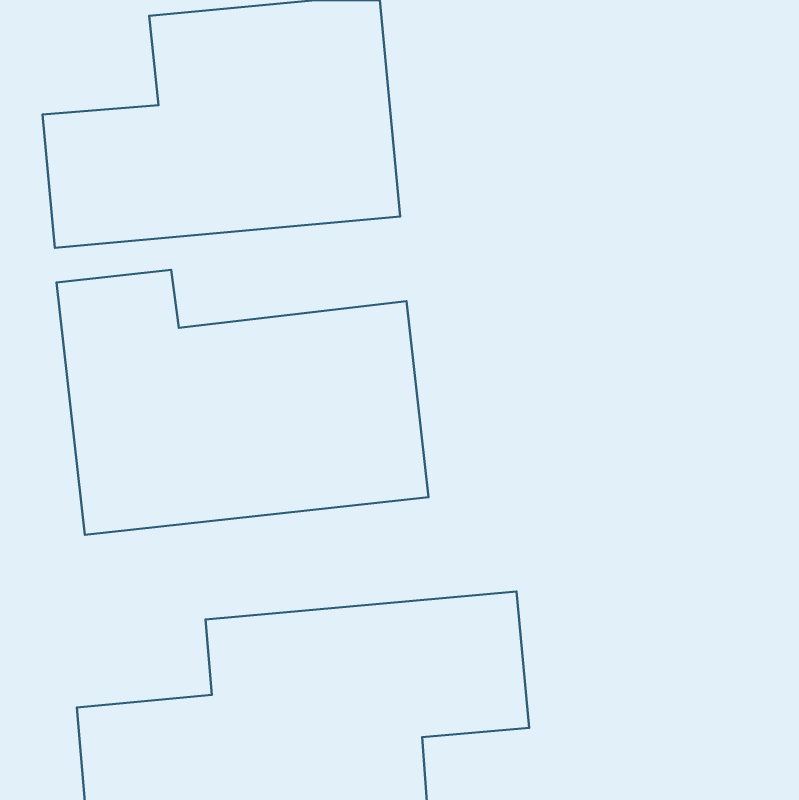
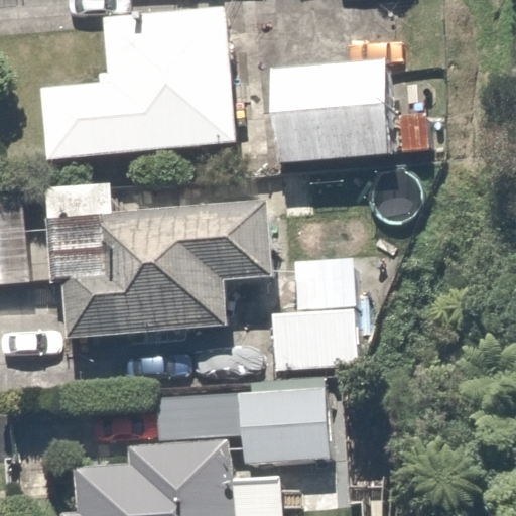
building: none -> [263,59,453,163]
building: none -> [275,256,384,374]

